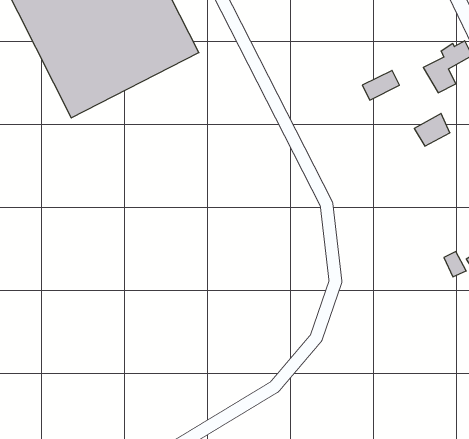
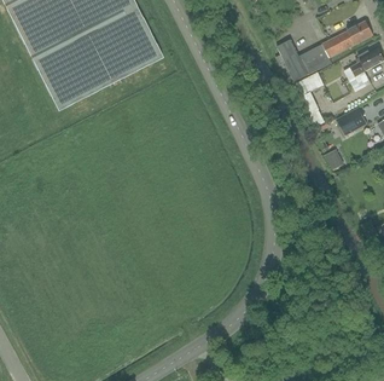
building: none -> [277,19,373,80]

